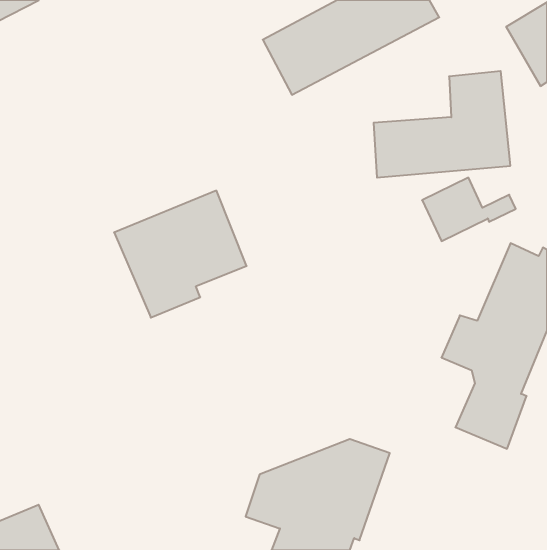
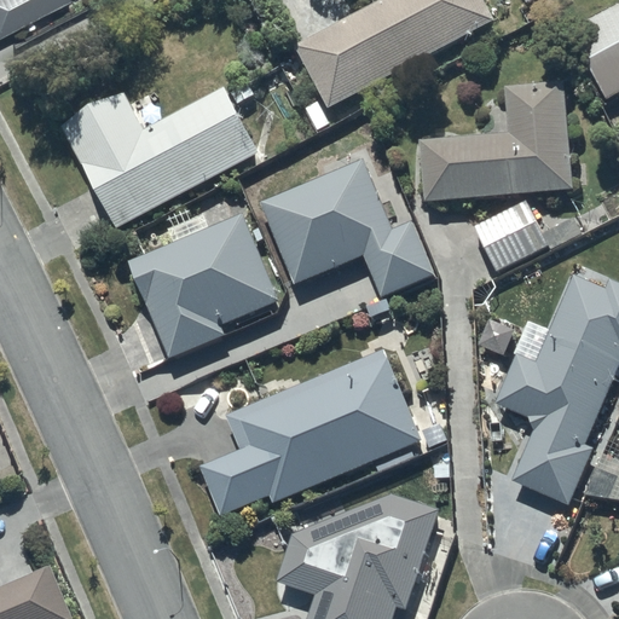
building: none -> [60,86,259,228]
building: none -> [260,157,434,296]
building: none -> [201,347,422,515]

